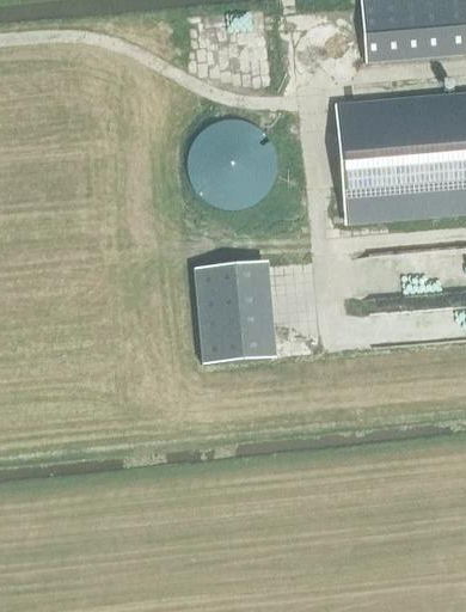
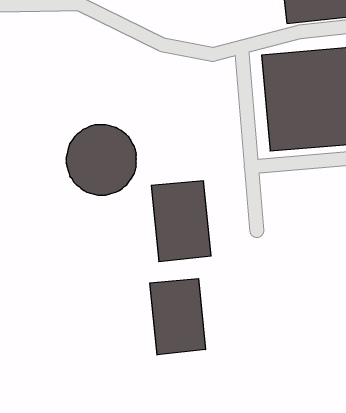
building: [189,120,278,209] -> [66,125,136,195]
building: none -> [150,279,205,355]

